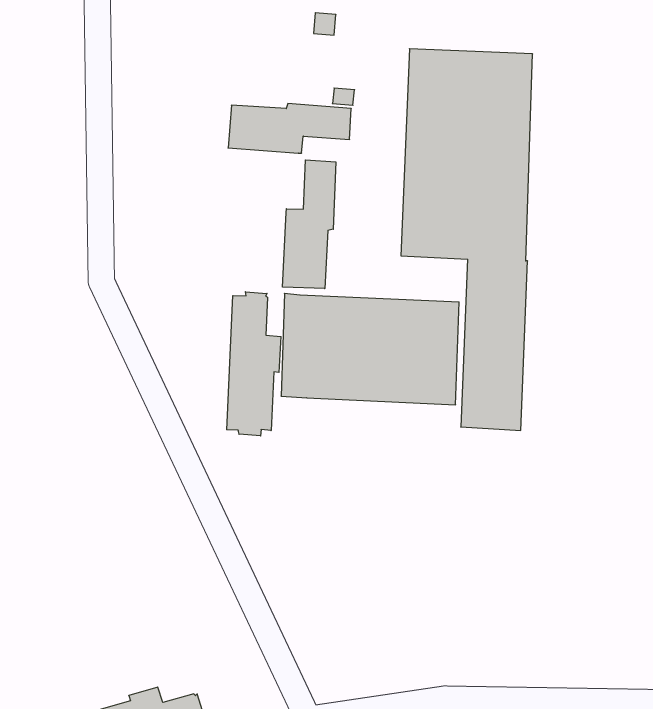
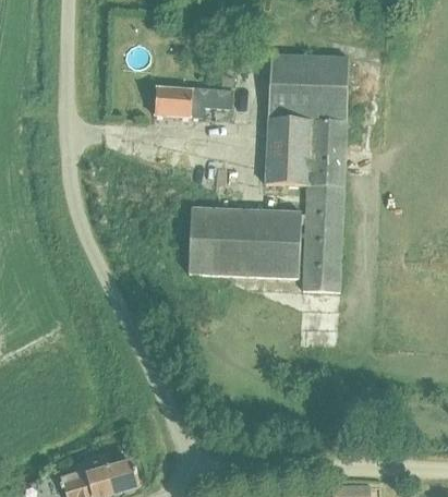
building: [283,160,336,289] -> none
building: [227,292,281,436] -> none

